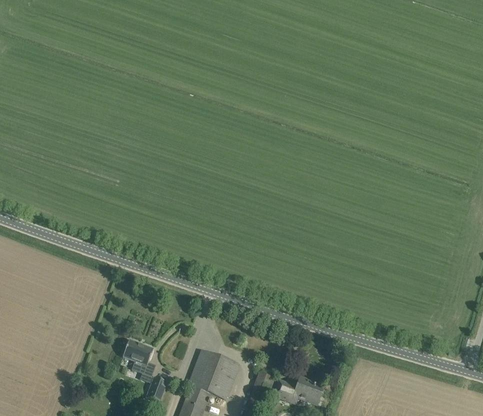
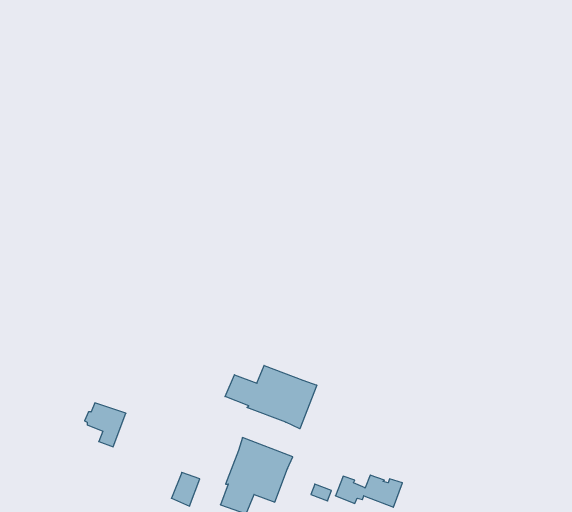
building: none -> [225,365,317,429]
building: [121,341,153,375] -> [85,403,126,447]

